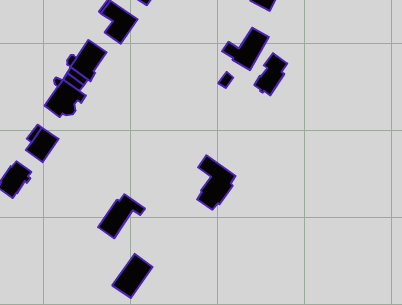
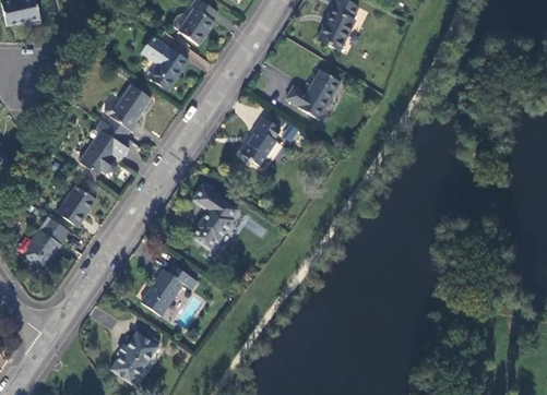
building: [254,53,287,95] -> [241,116,280,165]
building: [197,155,236,210] -> [192,184,237,248]
building: [112,254,153,298] -> [110,331,157,382]

